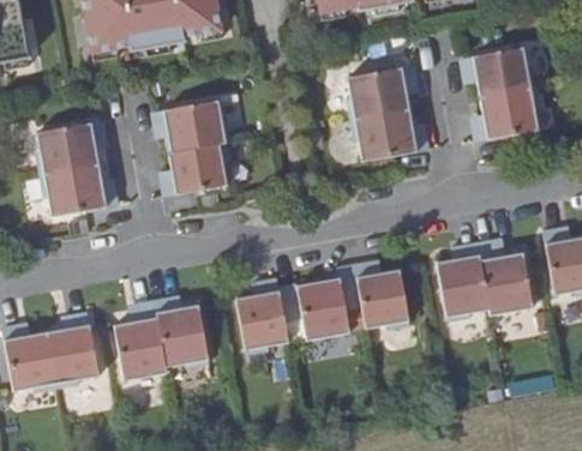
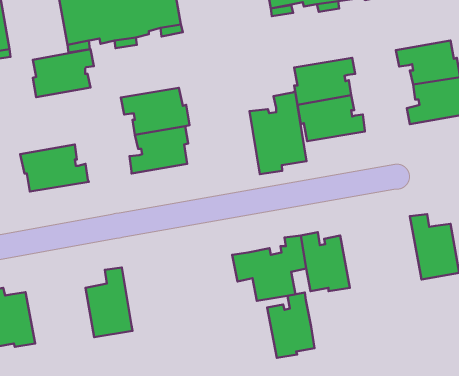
building: none -> [249,91,307,174]
building: [37,120,106,174] -> [33,49,94,97]
building: [437,243,490,320] -> none
building: [235,278,288,351] -> [267,293,314,358]
building: [155,297,209,366] -> none
building: [47,313,100,386] -> none

